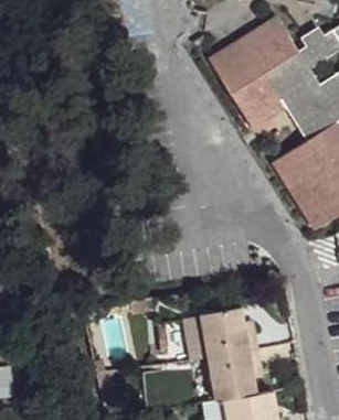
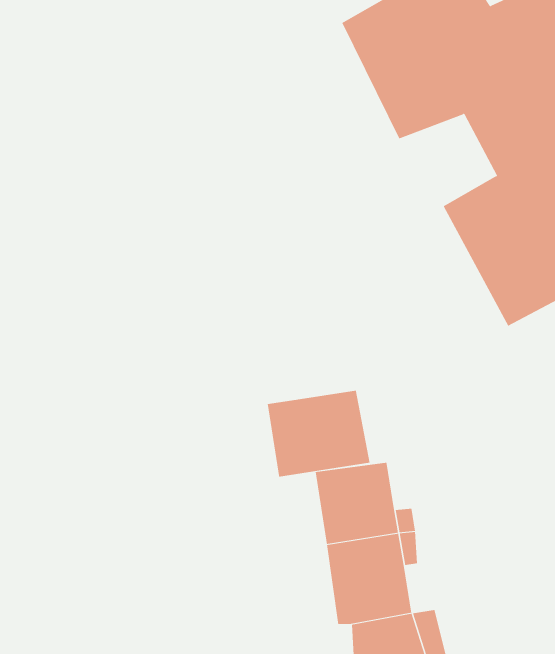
building: none -> [267,390,370,477]

